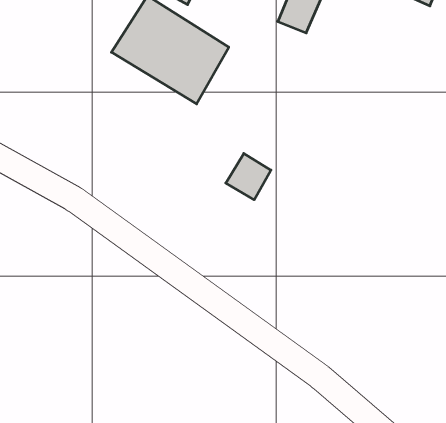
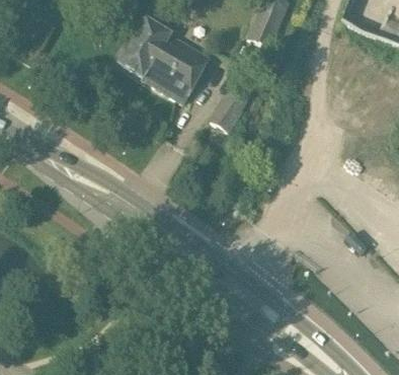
building: [226,153,271,200] -> [209,95,244,132]

